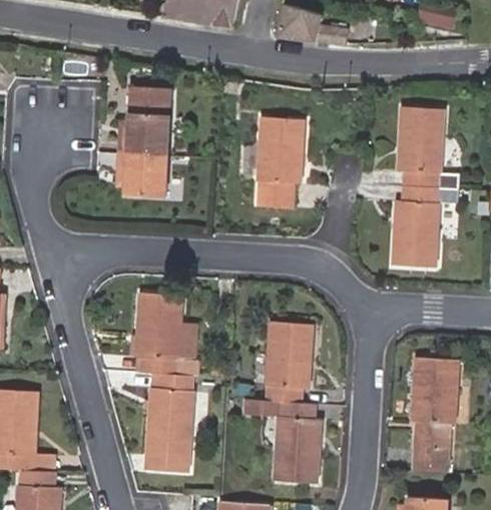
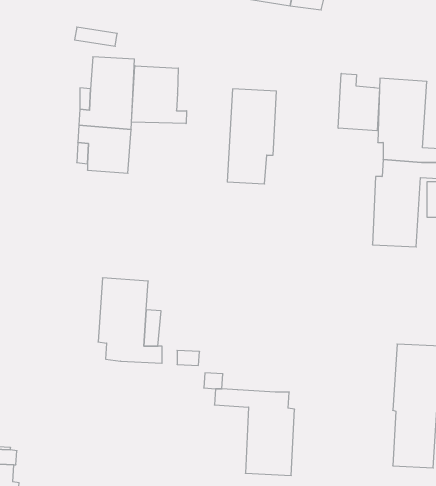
building: none -> [132,66,187,124]
building: none -> [338,73,380,131]
building: [266,324,312,403] -> none
building: [146,374,195,472] -> none

